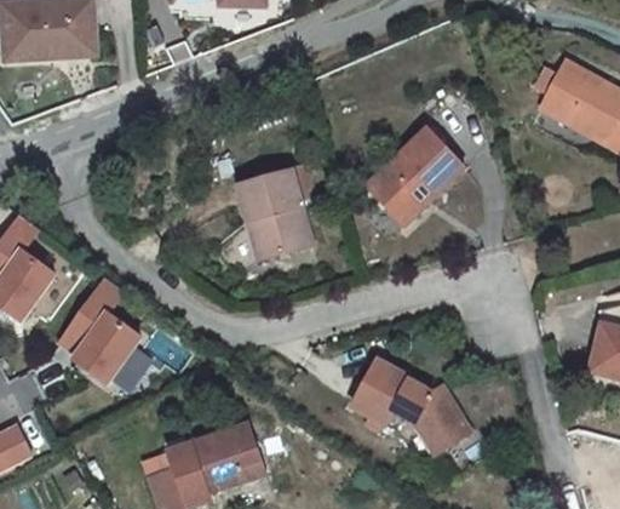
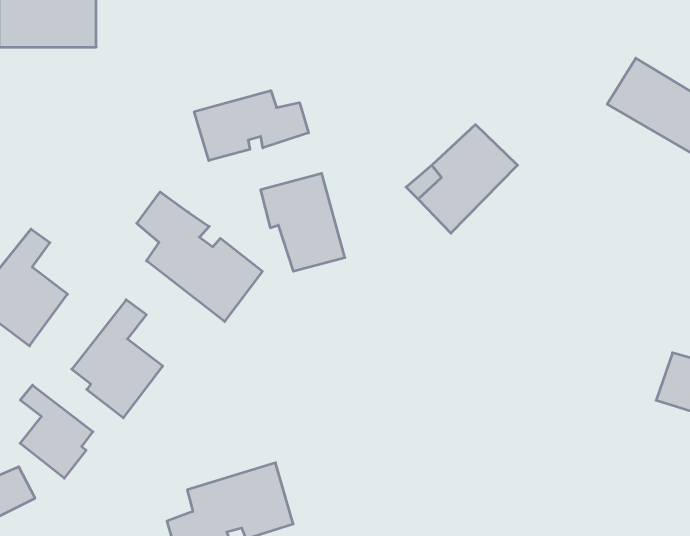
building: none -> [194,91,309,161]
building: none -> [137,192,262,322]
building: [348,356,470,454] -> none
building: none -> [20,385,93,478]

